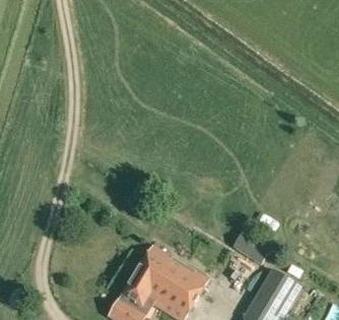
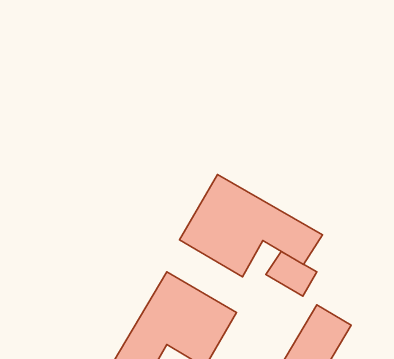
building: none -> [179,175,323,277]

